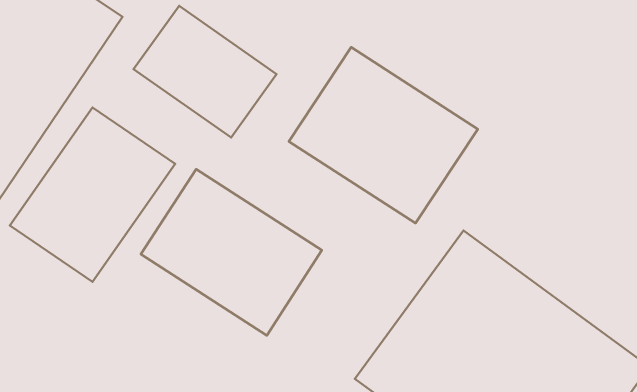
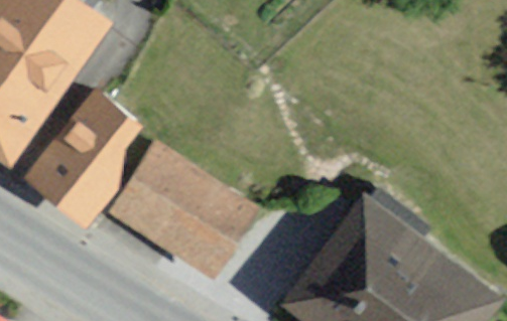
building: [134,6,277,138] -> none
building: [289,47,478,223] -> none

